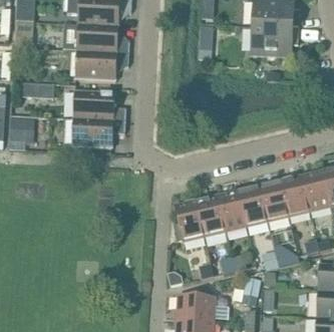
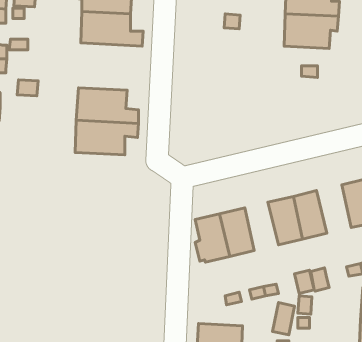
building: [72,51,127,81] -> none
building: [9,117,33,143] -> none
building: [279,175,309,217] -> none
building: [217,190,246,232] -> none

